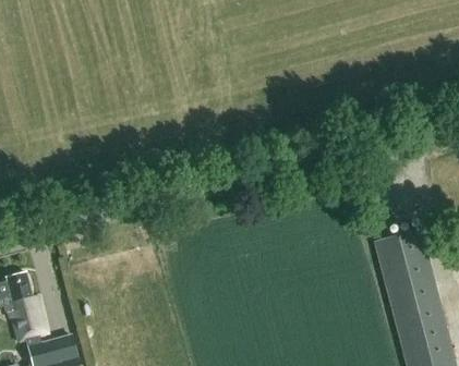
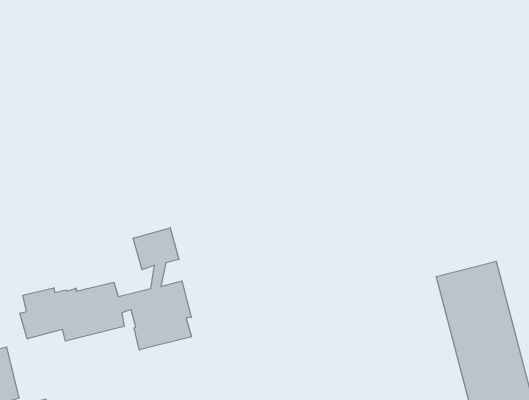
building: none -> [20,228,191,350]

